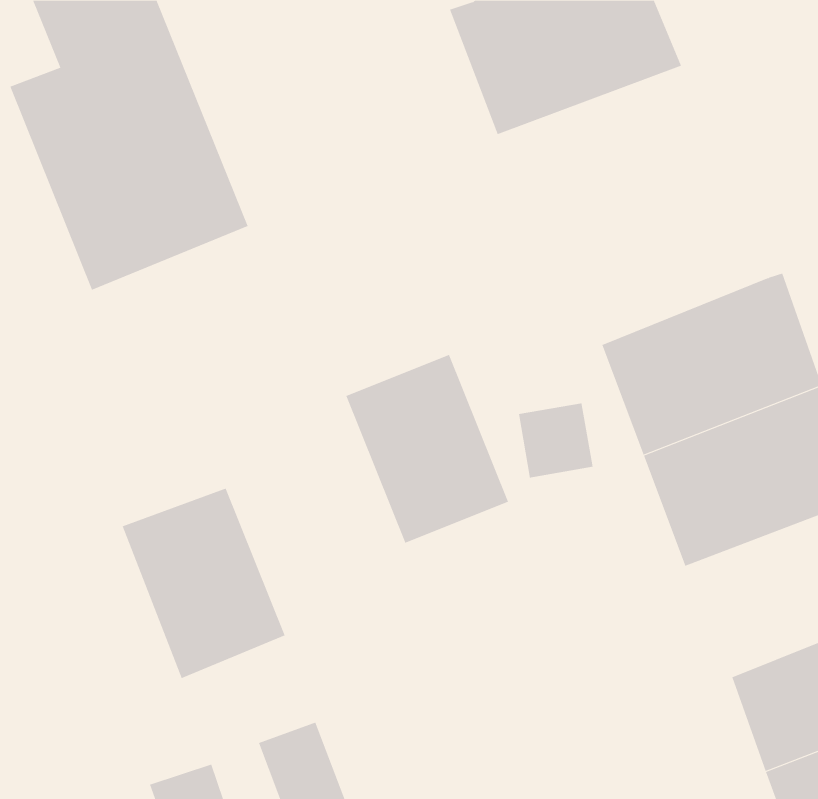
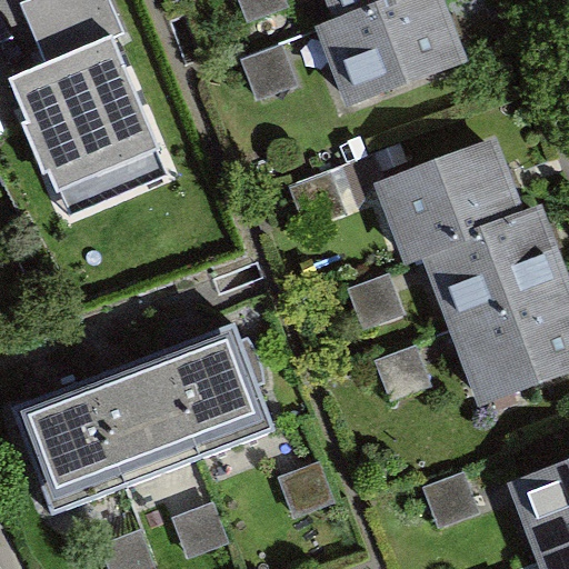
building: none -> [373,129,533,259]
building: [345,354,509,543] -> [158,323,271,455]
building: none -> [11,379,127,515]

